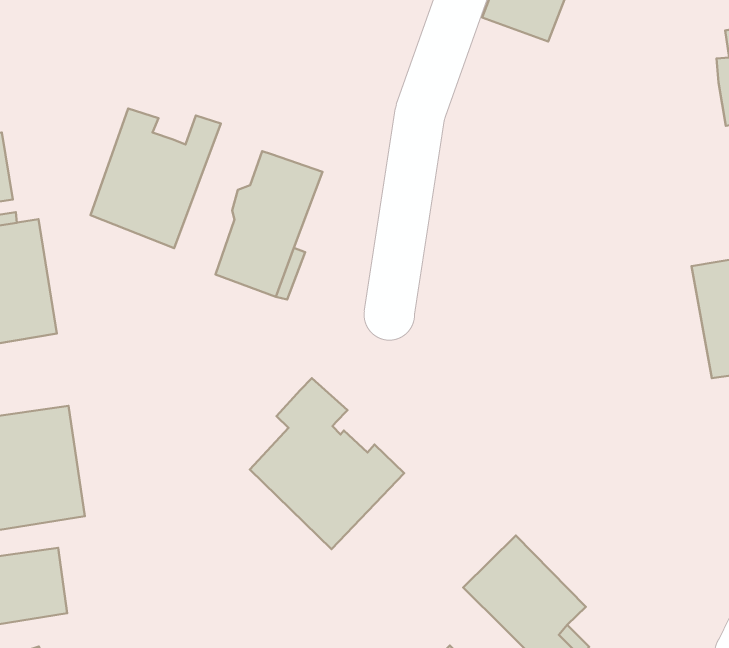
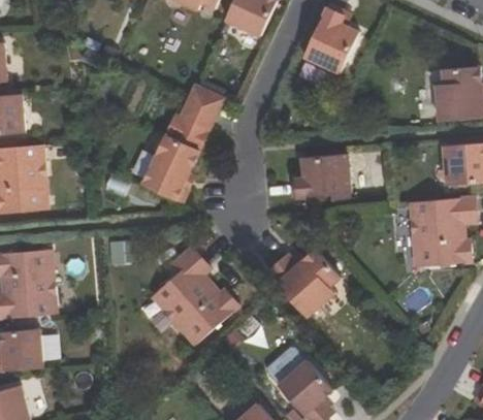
building: none -> [176,84,220,130]
building: [90,109,221,248] -> none
building: none -> [288,154,347,196]
building: none -> [263,247,336,315]

